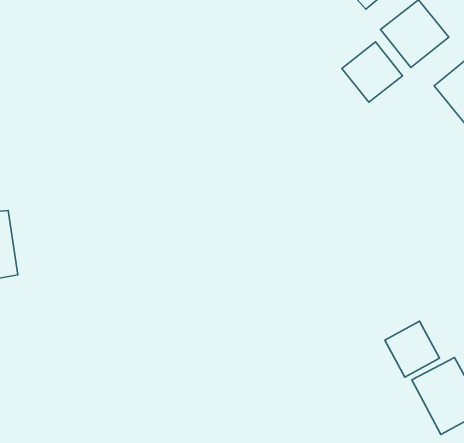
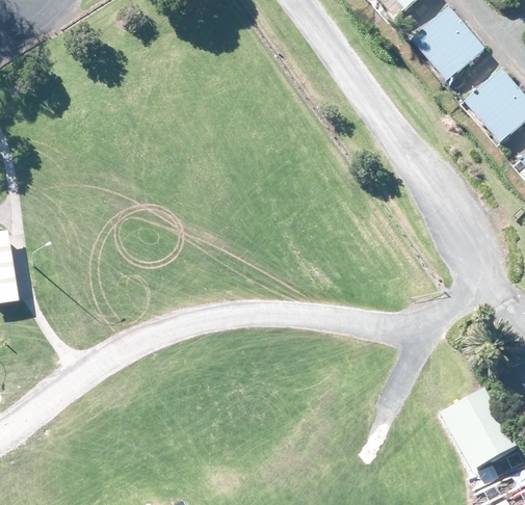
building: [342,42,402,102] -> none
building: [385,321,440,377] -> none

